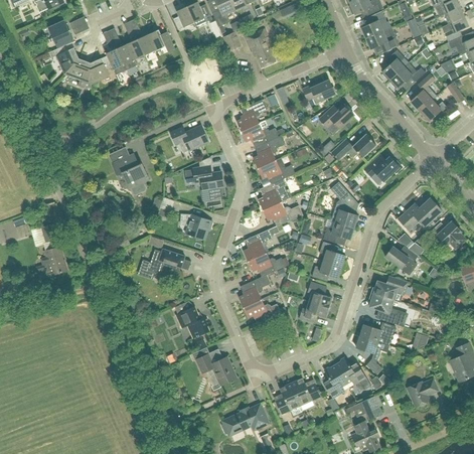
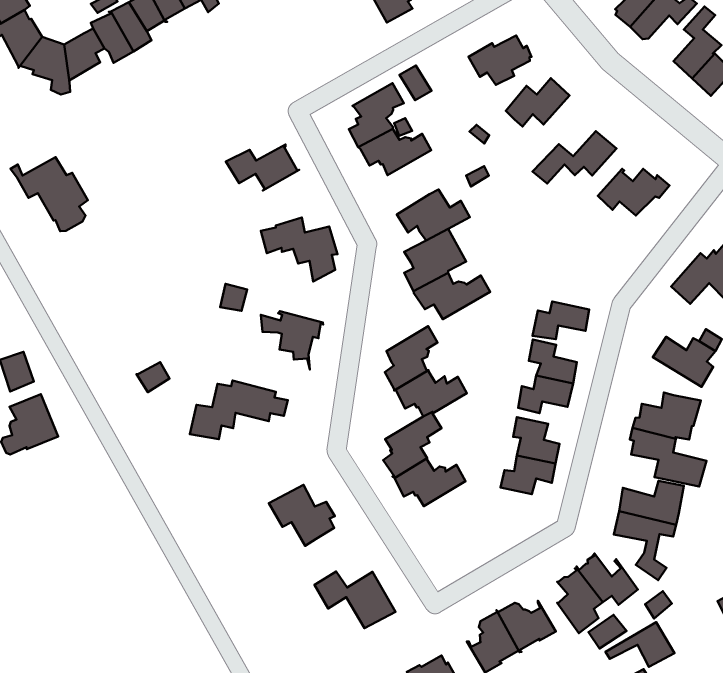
building: [254,135,285,168] -> none
building: [110,154,149,193] -> [11,157,88,231]
building: [335,191,359,228] -> none

